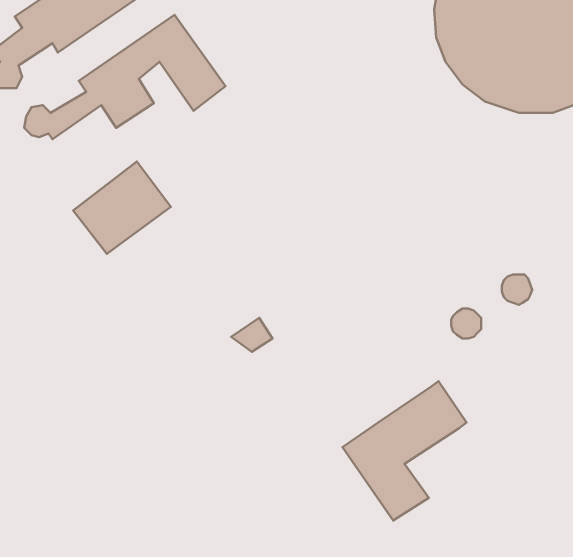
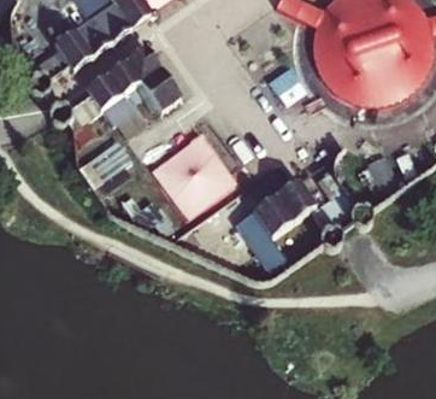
building: none -> [155,139,238,222]
building: [342,381,467,520] -> [231,177,311,266]

